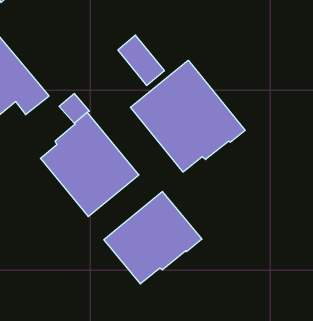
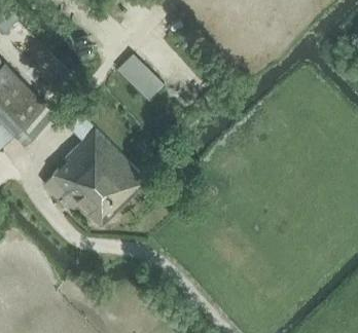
building: [130,60,245,172] -> none
building: [104,191,202,284] -> none

